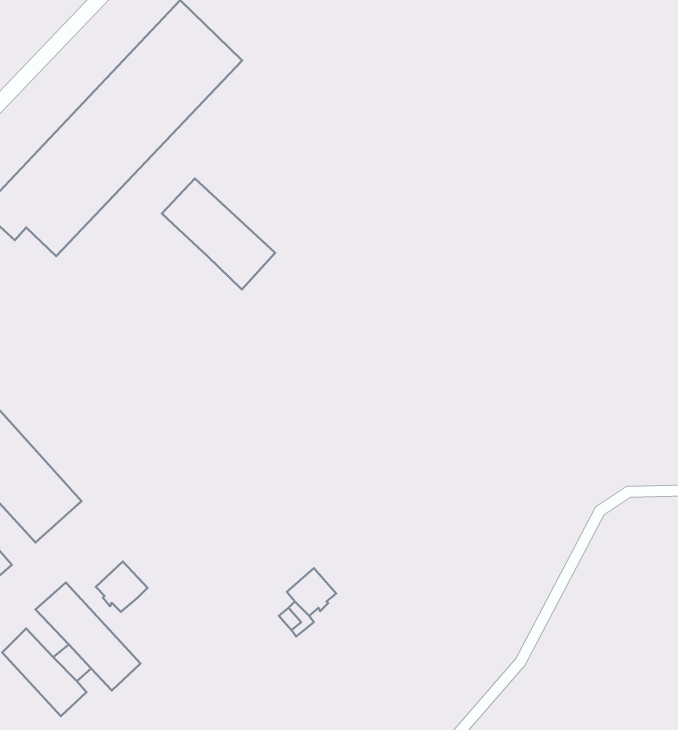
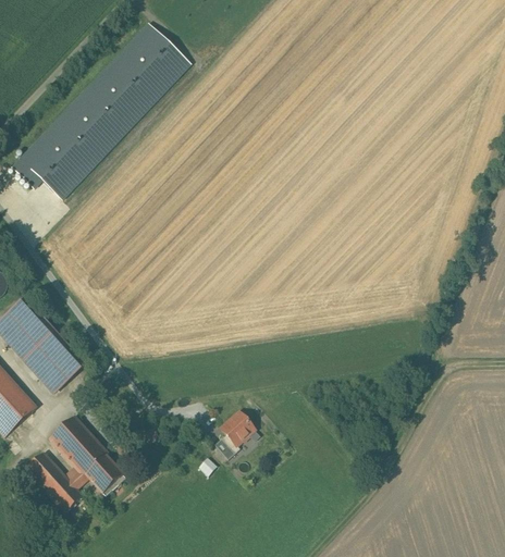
building: [162,179,275,290] -> none
building: [96,561,148,612] -> none

